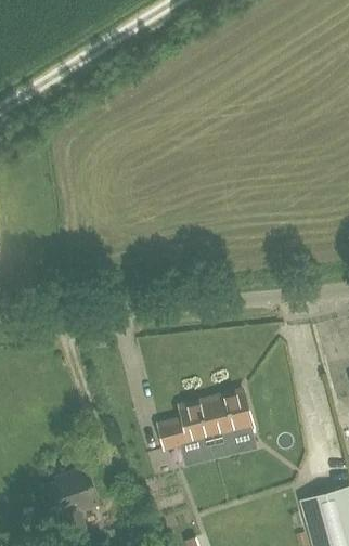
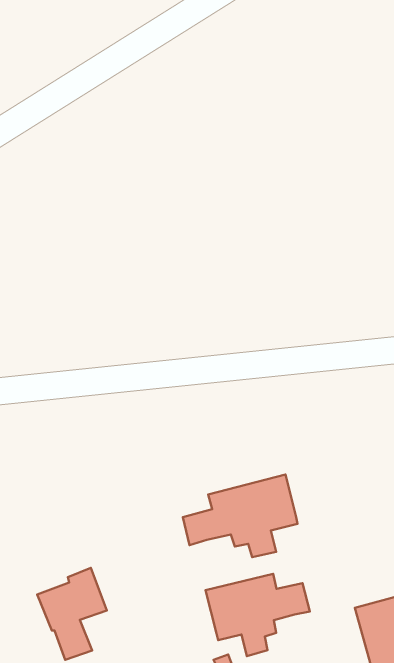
building: none -> [205,574,310,656]

